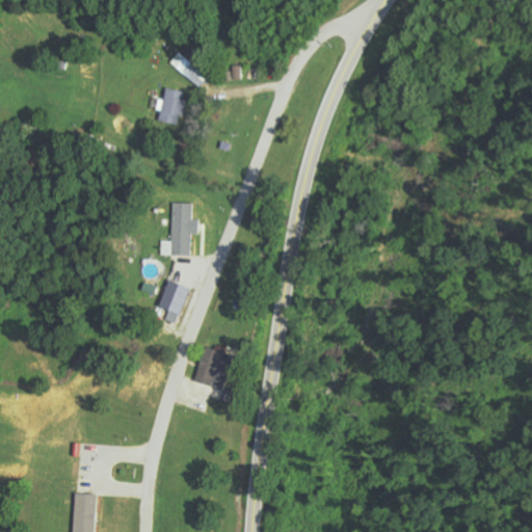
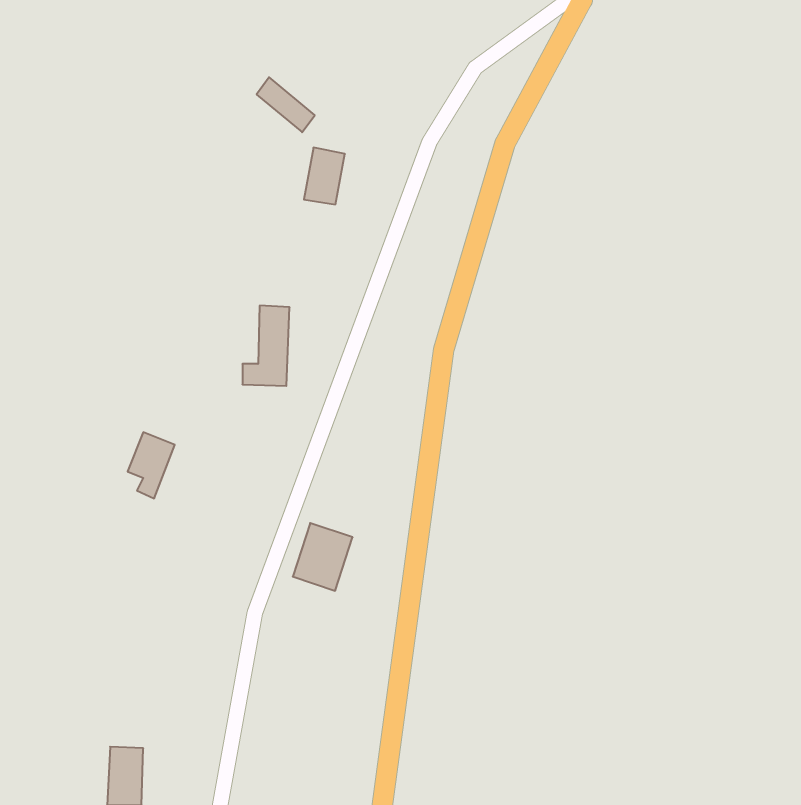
building: [158,86,185,124] -> [304,148,345,204]
building: [158,280,189,323] -> [128,432,175,498]

